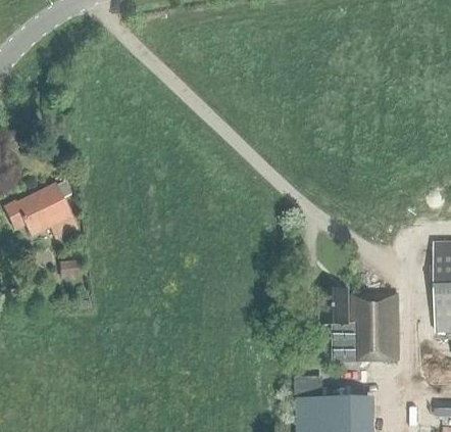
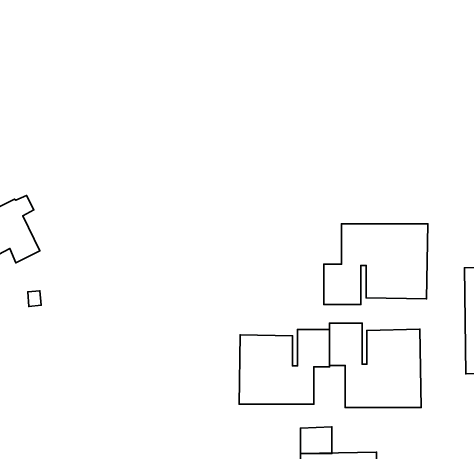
building: none -> [324,224,428,305]
building: none -> [239,330,329,404]

